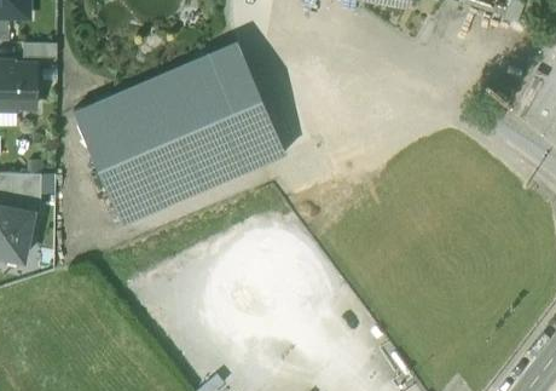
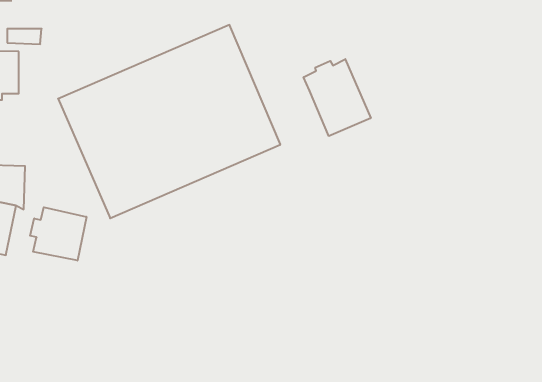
building: none -> [304,59,371,136]
building: none -> [30,207,86,261]

